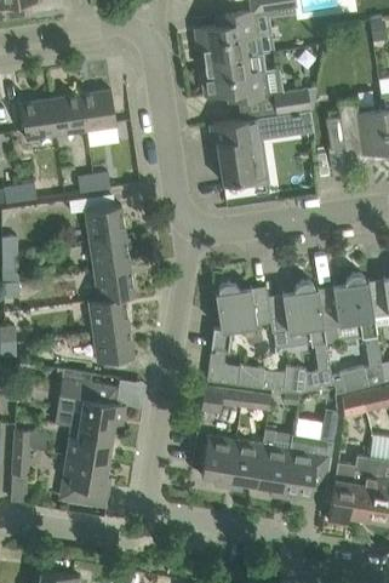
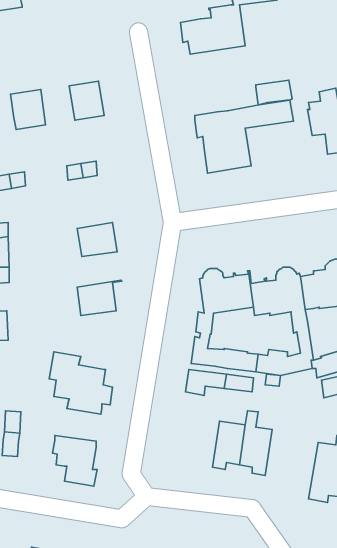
building: [201,53,264,101] -> none
building: [51,95,86,135] -> none
building: [85,205,125,241] -> none
building: [88,265,133,302] -> none
building: [92,326,133,362] -> none
building: [282,413,337,498] -> none
building: [65,427,113,461] -> none
building: [201,435,235,487] -> none

